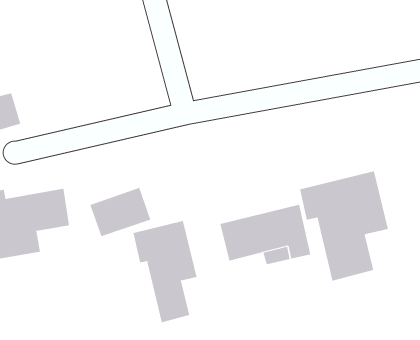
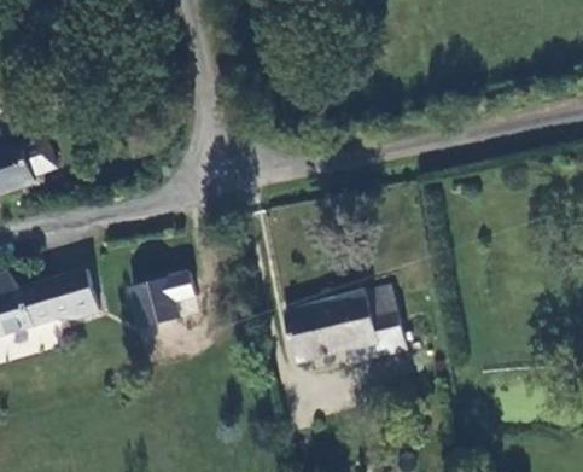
building: [300,171,388,281] -> none
building: [133,220,197,323] -> none

